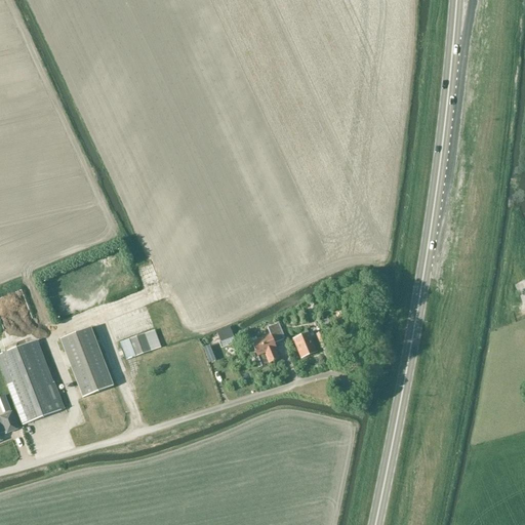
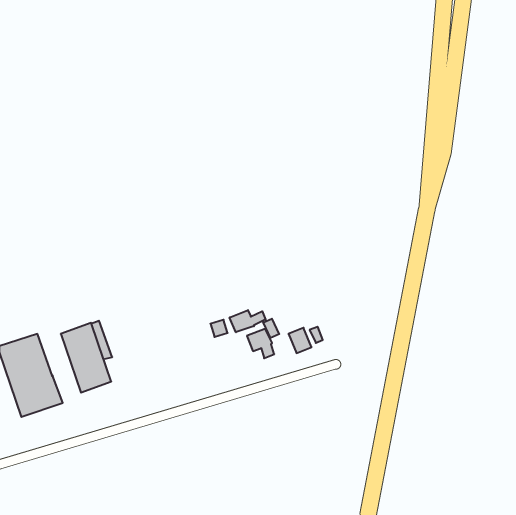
building: none -> [230,310,266,332]
building: [119,329,160,359] -> none

